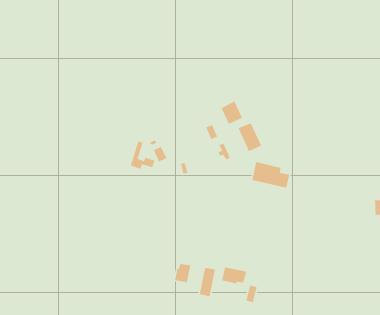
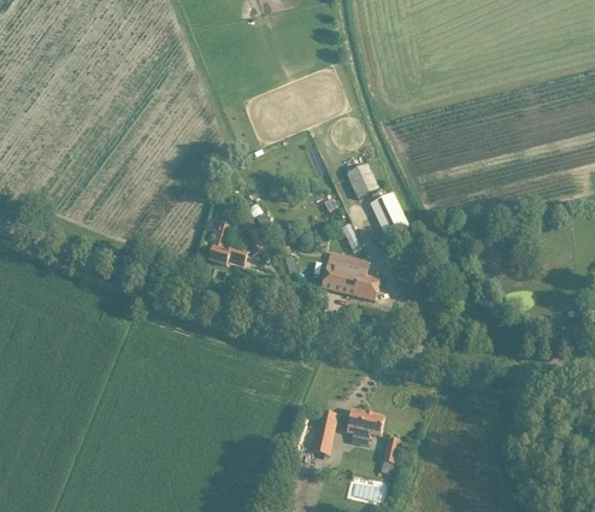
building: [252,161,290,189] -> [323,258,381,299]
building: [174,263,191,283] -> none

